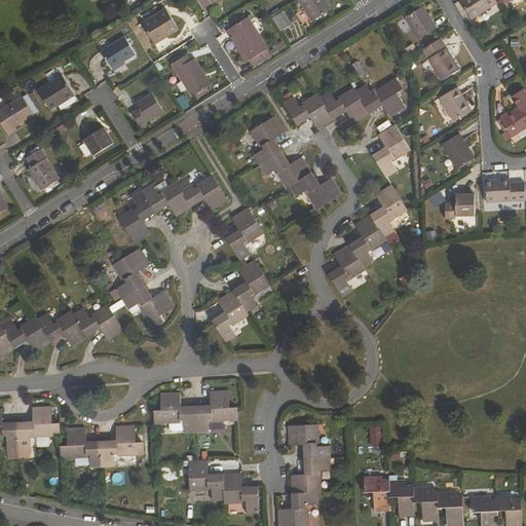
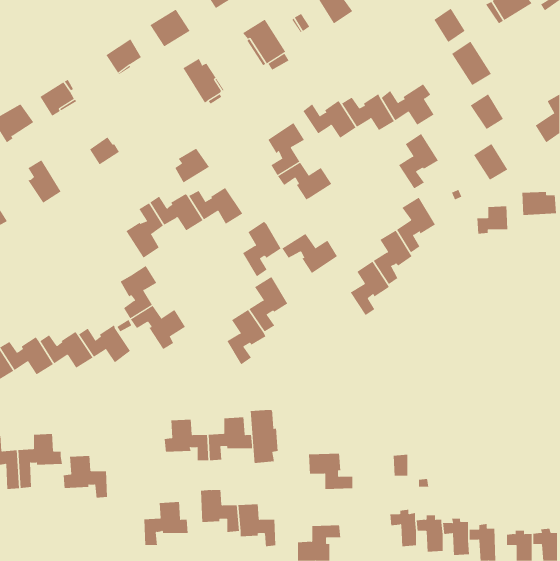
building: [129,93,162,126] -> [174,148,210,183]
building: [288,172,340,210] -> [282,233,338,274]
building: none -> [250,409,278,464]
building: [100,423,142,464] -> [143,502,189,546]
building: [290,456,330,491] -> none

